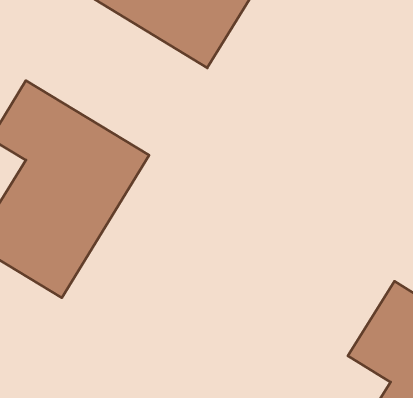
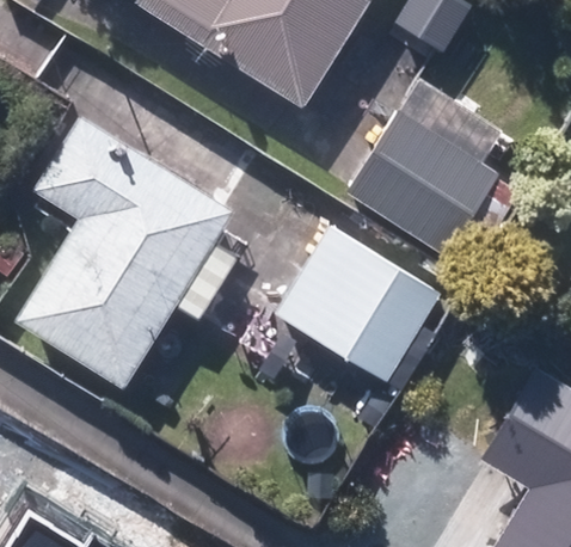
building: none -> [348,113,496,254]
building: none -> [275,227,441,382]

